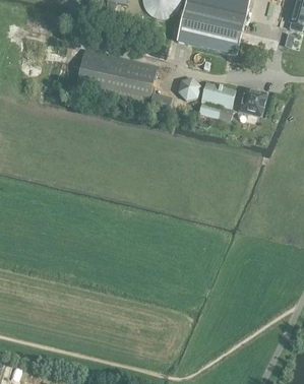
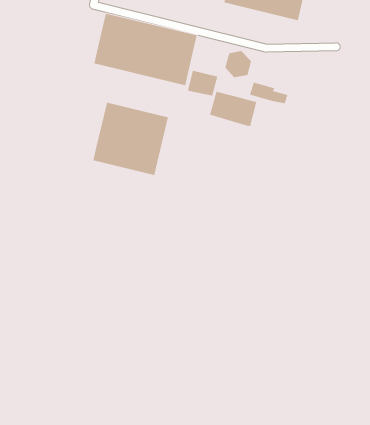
building: [199,80,237,108] -> [209,91,257,126]
building: [238,85,267,116] -> none
building: none -> [93,102,168,176]

